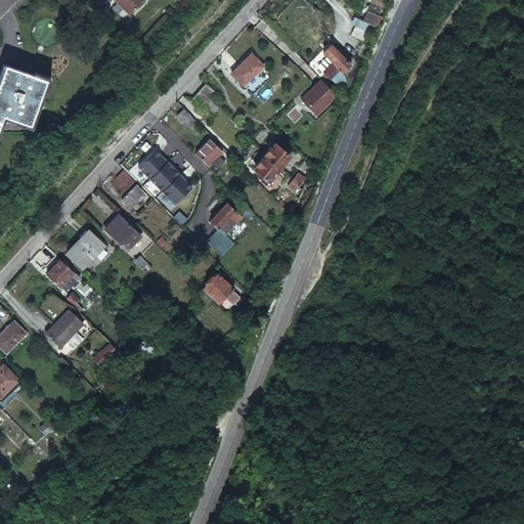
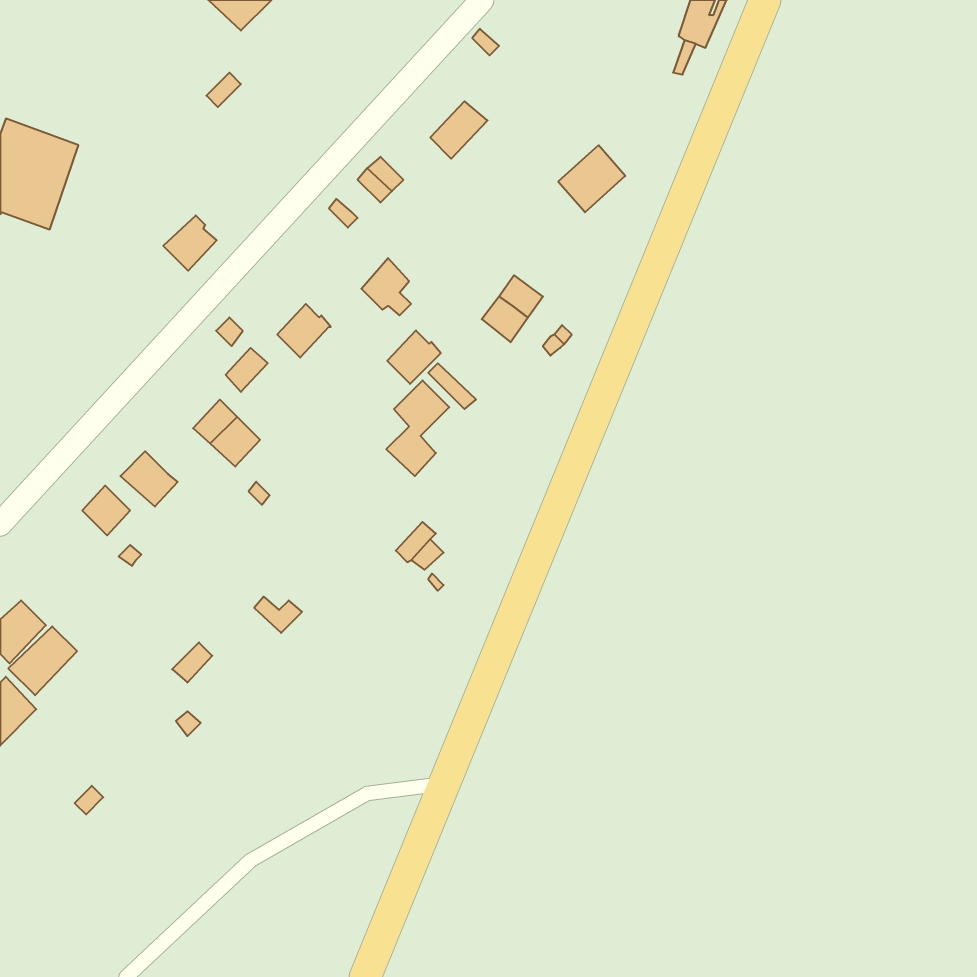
building: [324,53,349,85] -> none
building: [135,149,164,179] -> [163,215,217,271]
building: [161,175,189,204] -> [387,330,441,384]
building: [78,230,105,258] -> none
building: [45,311,82,348] -> [8,626,77,695]

